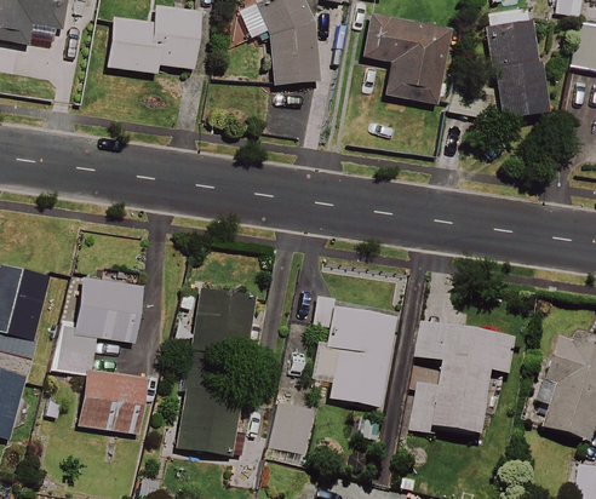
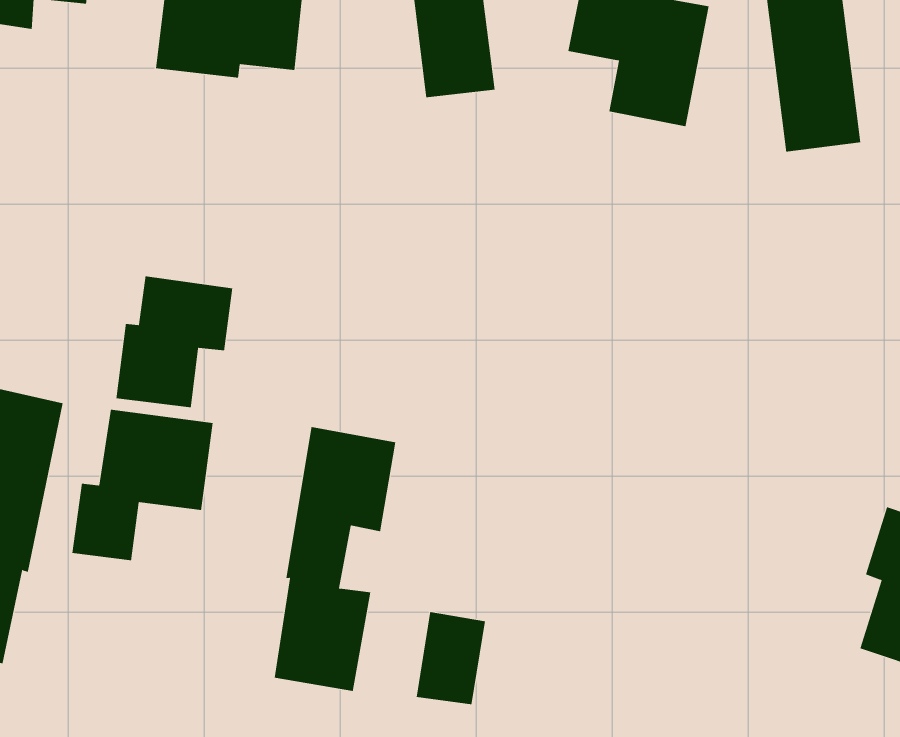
building: none -> [116,275,233,408]
building: [315,304,395,403] -> none
building: [412,321,515,438] -> none
building: [80,373,144,431] -> none

